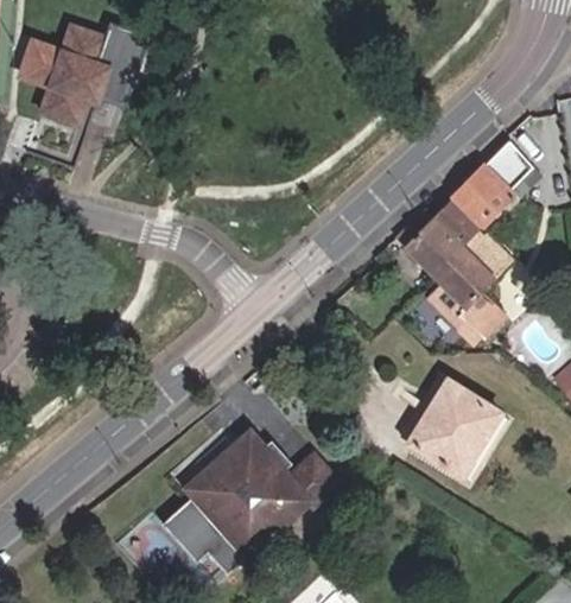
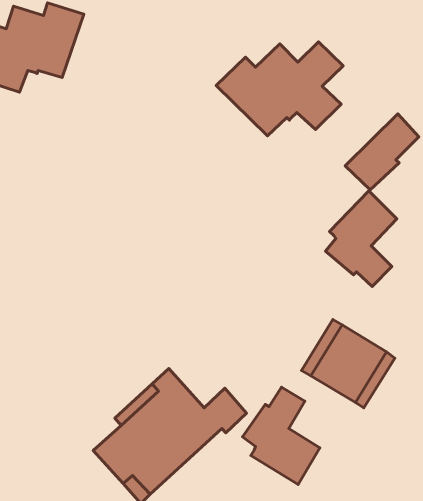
building: none -> [216,42,343,136]
building: [396,199,480,274] -> none
building: none -> [243,387,320,485]

